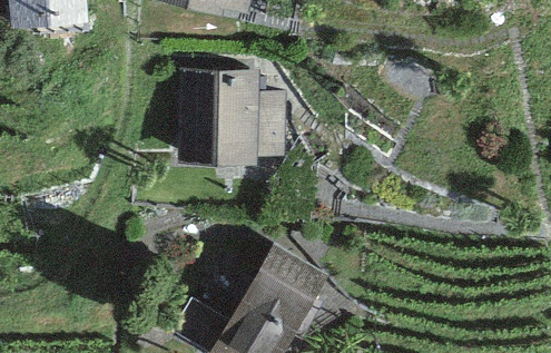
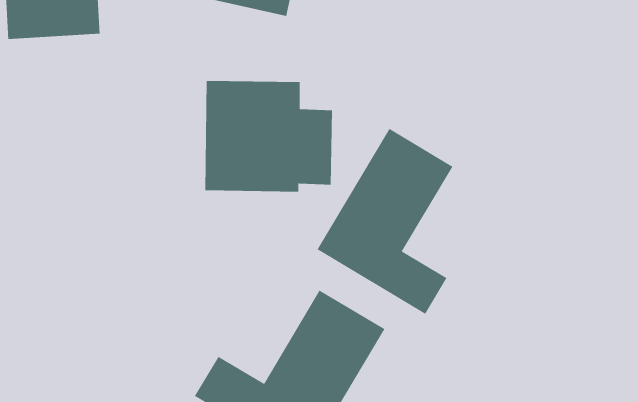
building: none -> [317,128,453,315]

